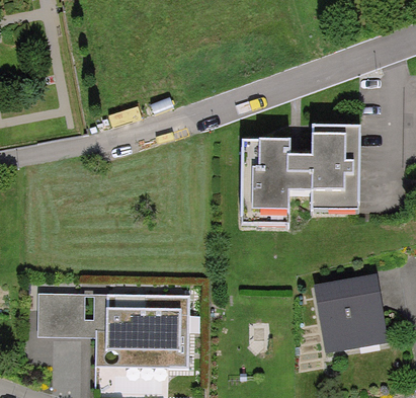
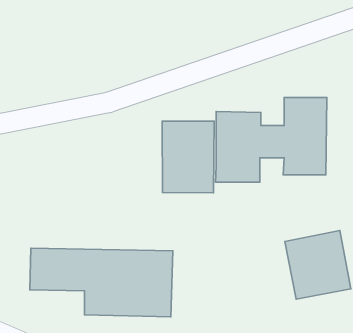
building: none -> [162,121,214,193]

